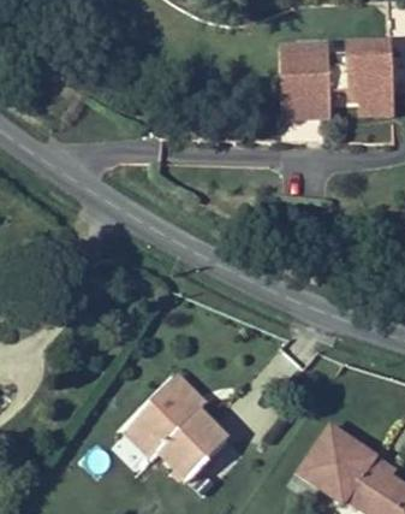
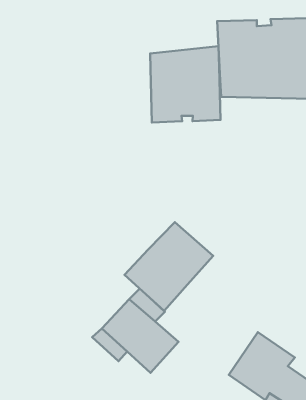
building: none -> [150,46,220,123]
building: none -> [124,222,213,311]

